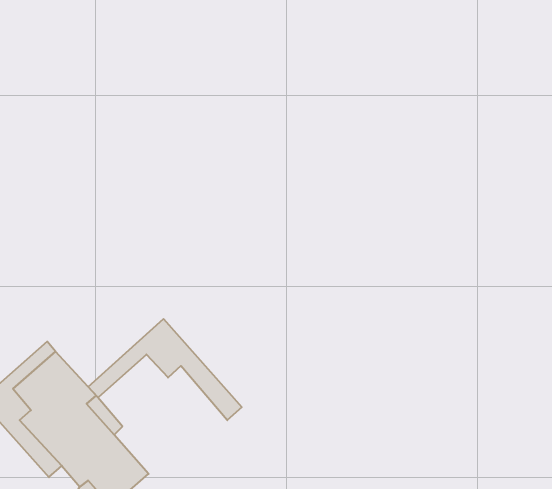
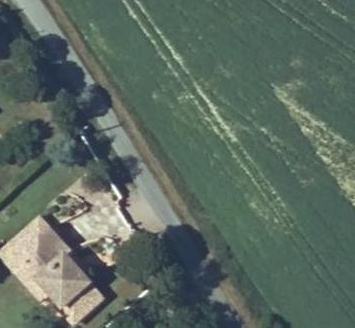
building: [88,319,242,420] -> none

